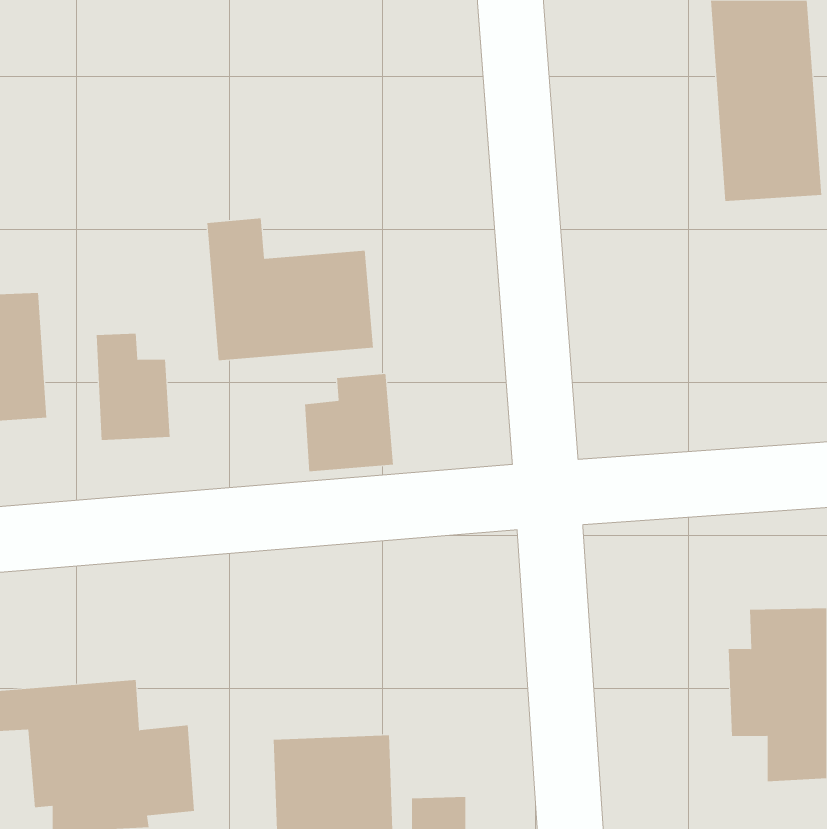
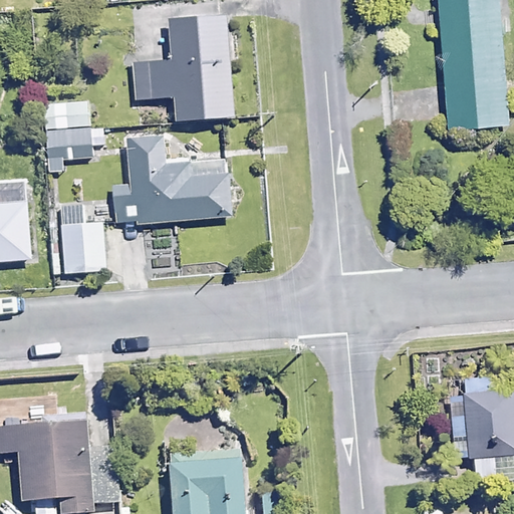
building: none -> [133,11,232,120]
building: none -> [46,101,103,175]
building: [305,373,394,472] -> none

